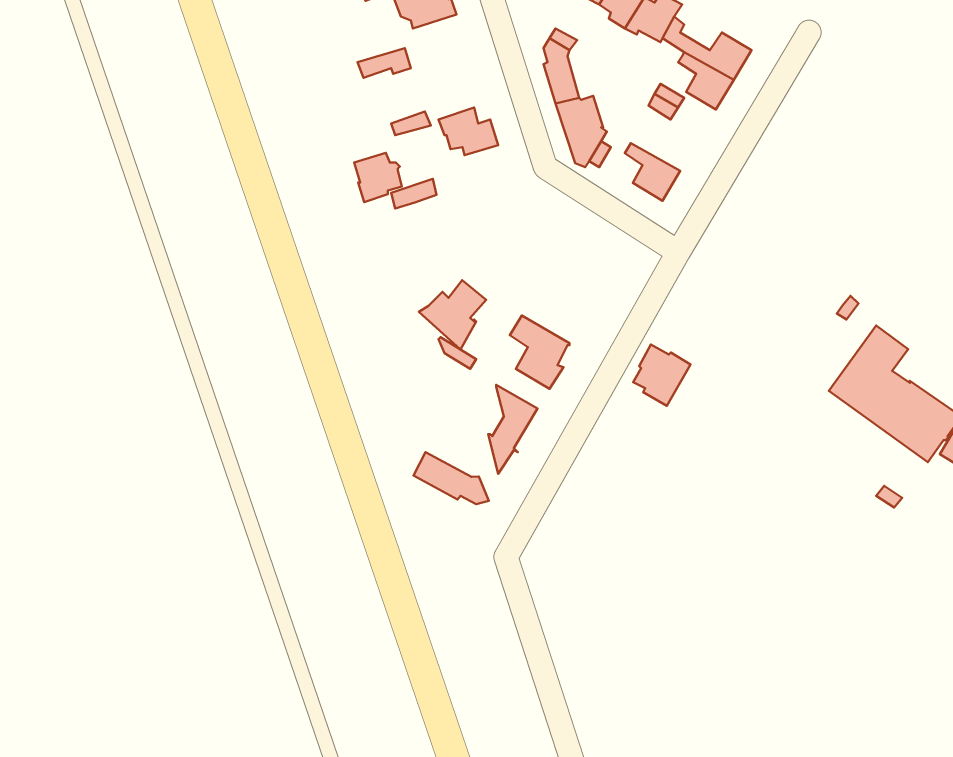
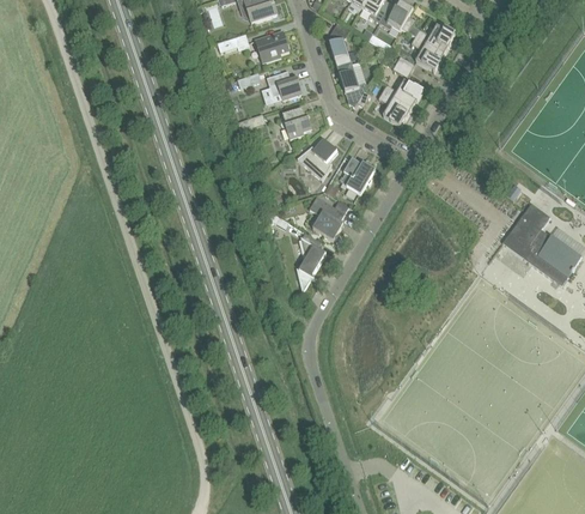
building: none -> [255,30,288,61]
building: none -> [382,79,421,108]
building: [354,153,402,202] -> [282,108,311,138]
building: [419,280,486,349] -> [297,138,337,180]
building: [633,345,691,406] -> [340,157,374,194]
building: [414,452,489,504] -> none

